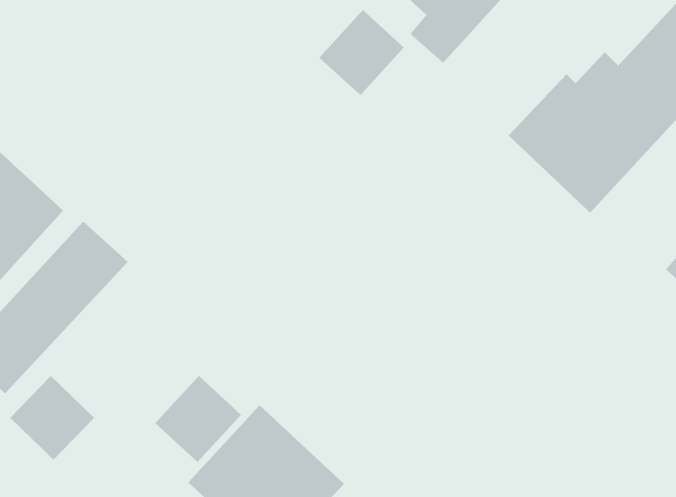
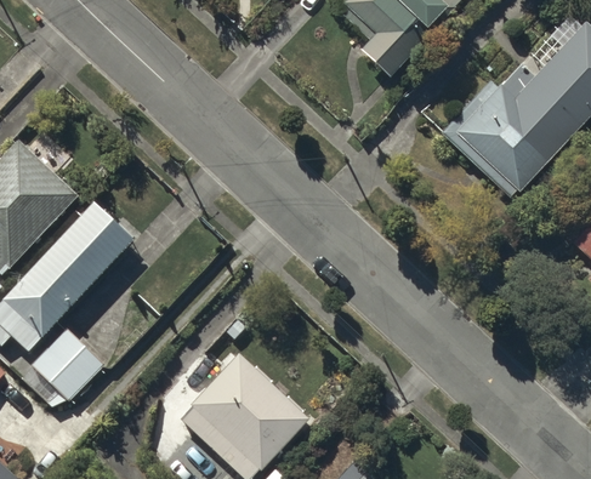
building: [318,9,405,96] -> none
building: [155,375,242,463] -> none

